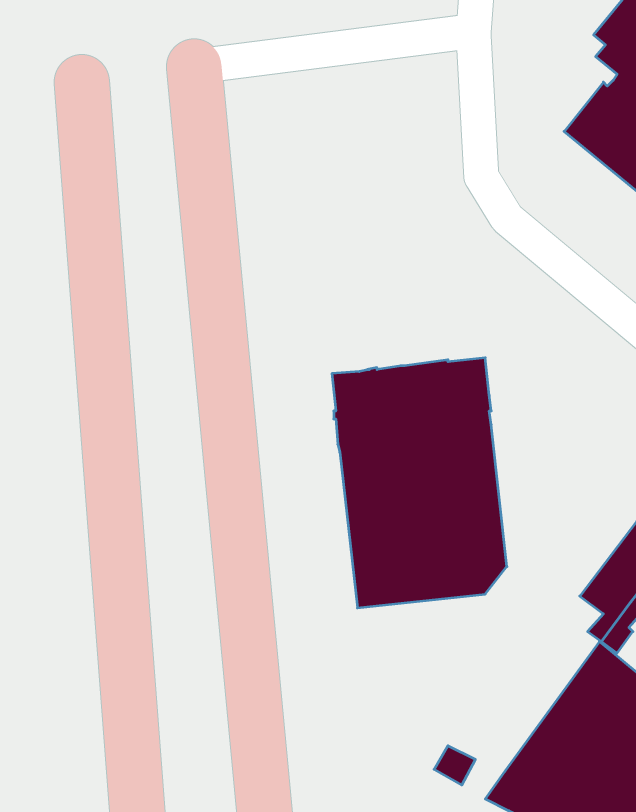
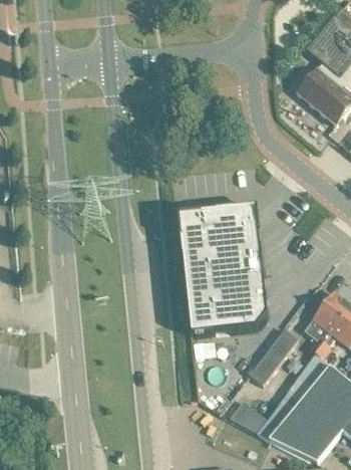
building: none -> [249,328,297,385]

